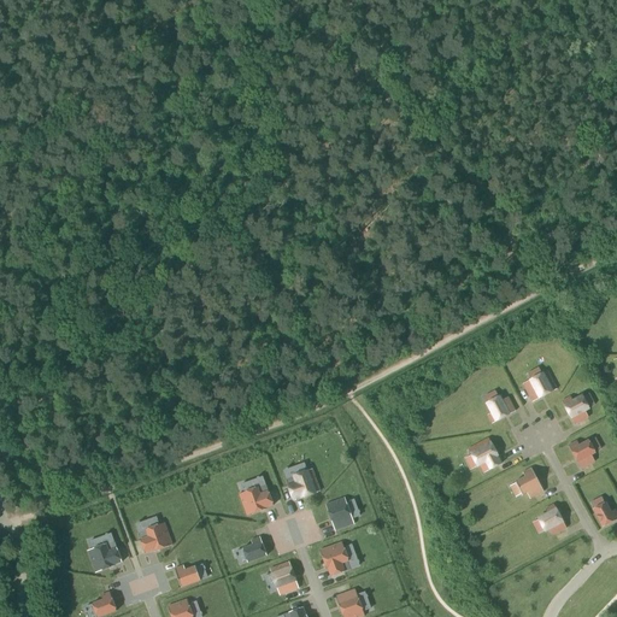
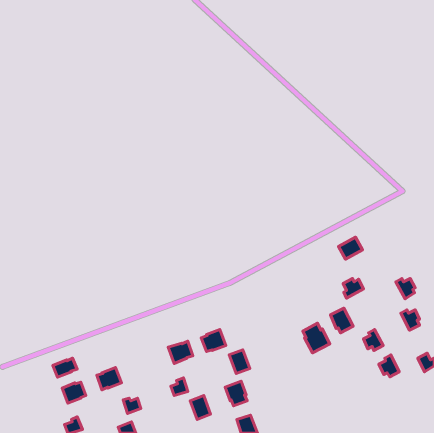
building: [523,370,557,401] -> [339,237,362,259]
building: none -> [303,323,330,353]
building: none -> [53,358,77,377]

